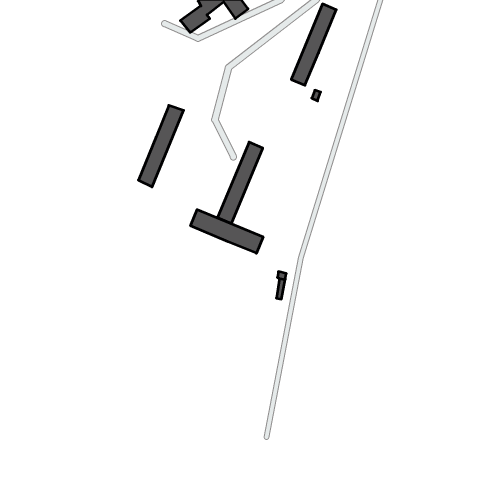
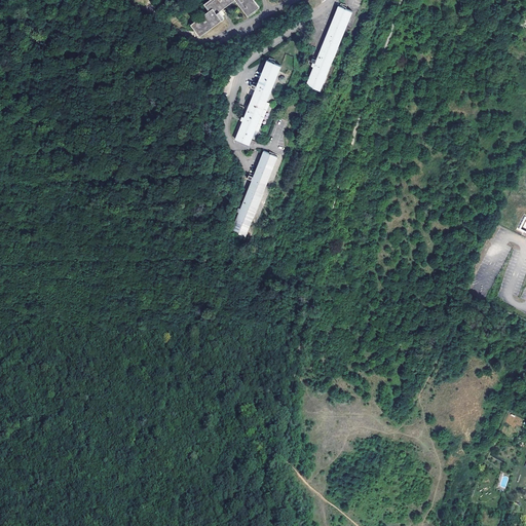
building: [138,105,184,187] -> [235,61,283,146]
building: [191,210,263,253] -> none

